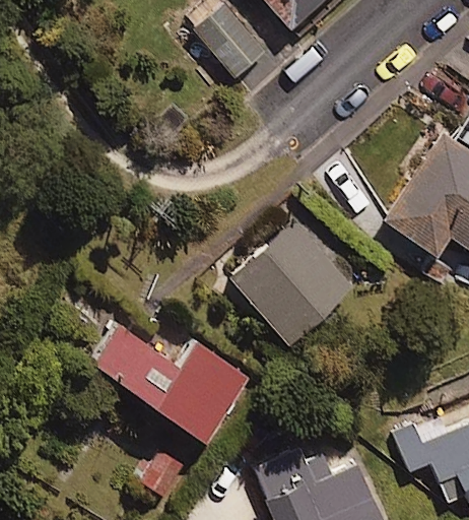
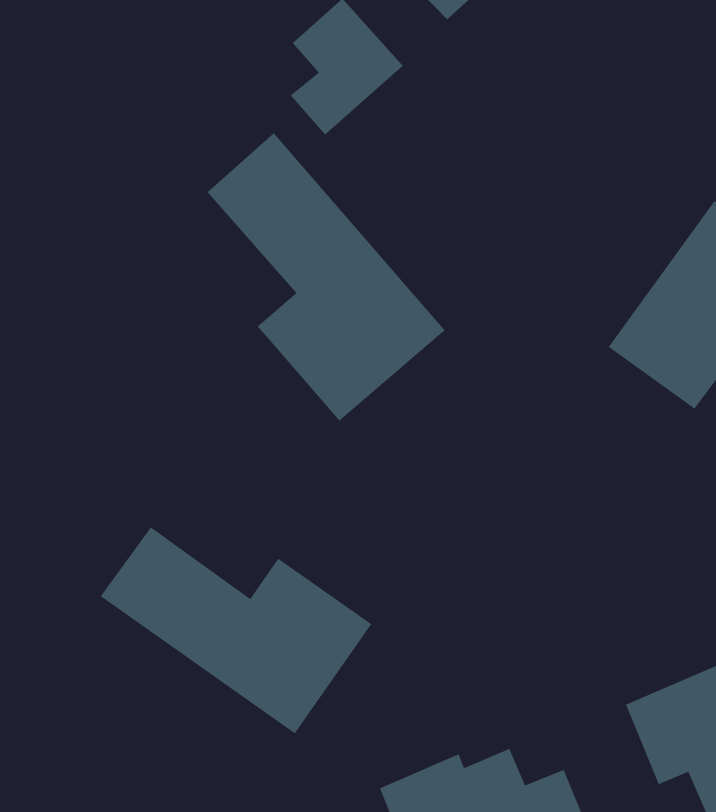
building: none -> [207,133,445,422]
building: [229,209,365,344] -> none

